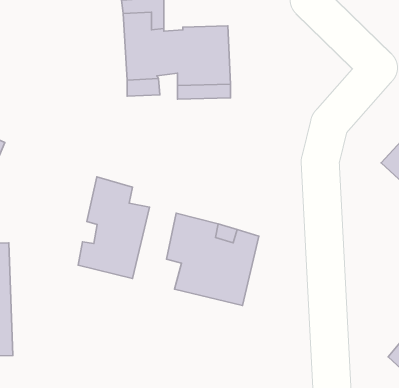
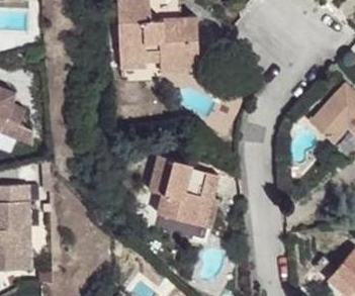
building: [78,177,150,279] -> none

